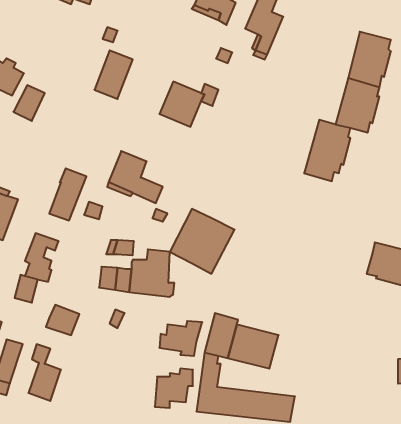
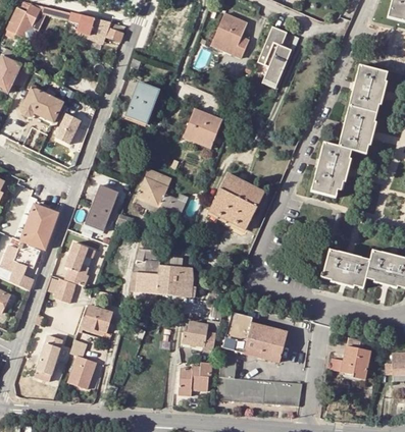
building: [170,209,235,274] -> [207,173,264,230]
building: none -> [321,250,369,288]
building: none -> [340,345,370,379]

